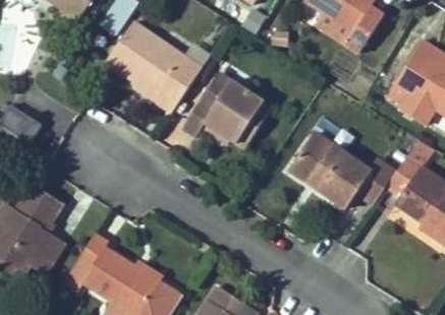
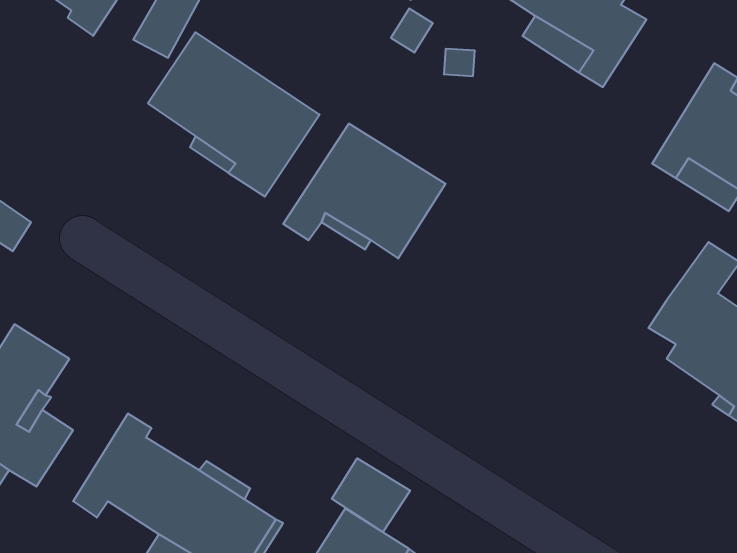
building: [290,131,396,207] -> none
building: none -> [332,458,410,532]

